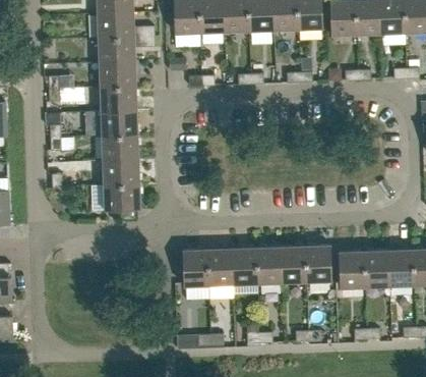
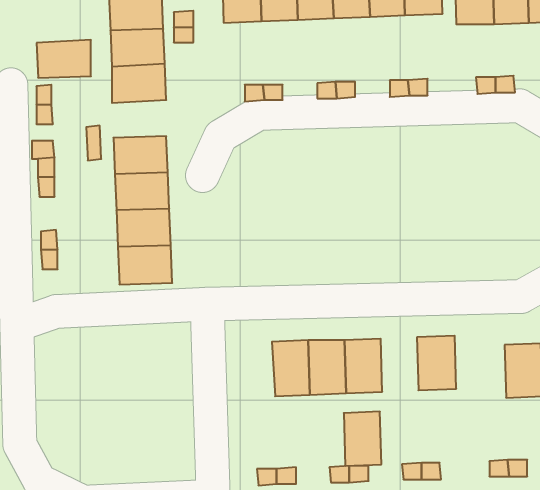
building: [100,86,136,111] -> [37,40,91,78]
building: [281,246,306,282] -> [344,412,381,466]
building: [182,249,209,285] -> none
building: [339,251,365,287] -> none

